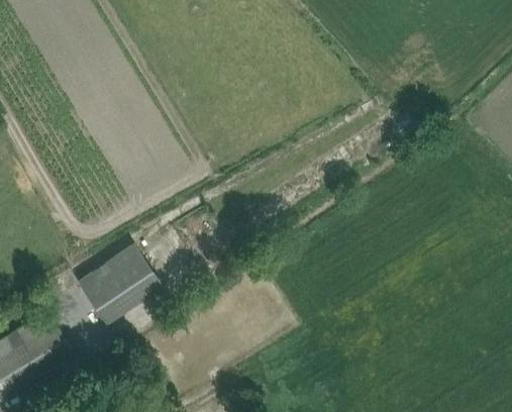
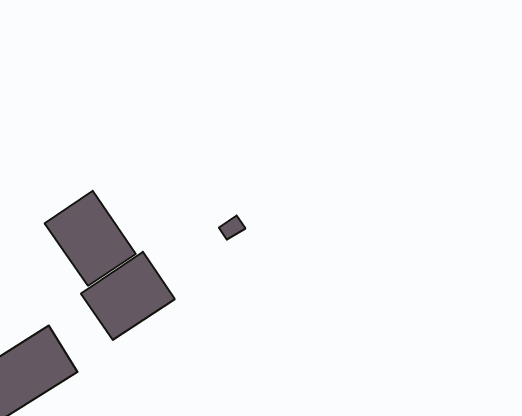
building: none -> [45,191,136,286]

